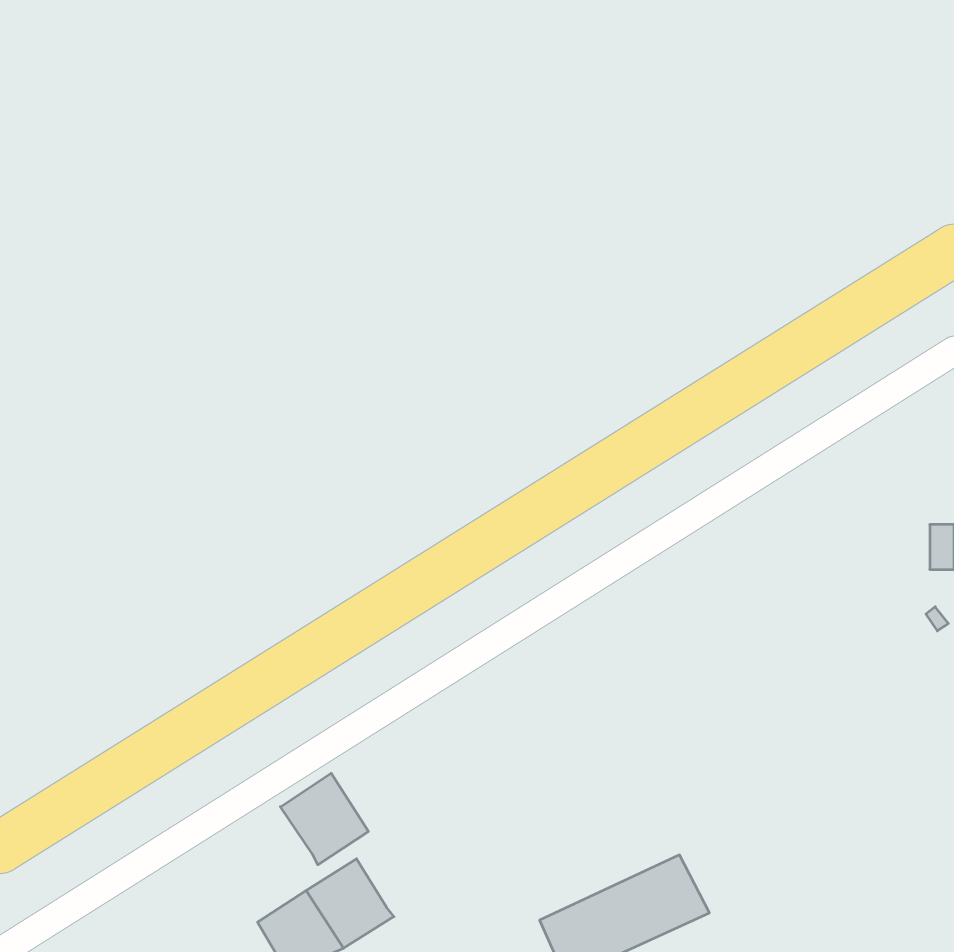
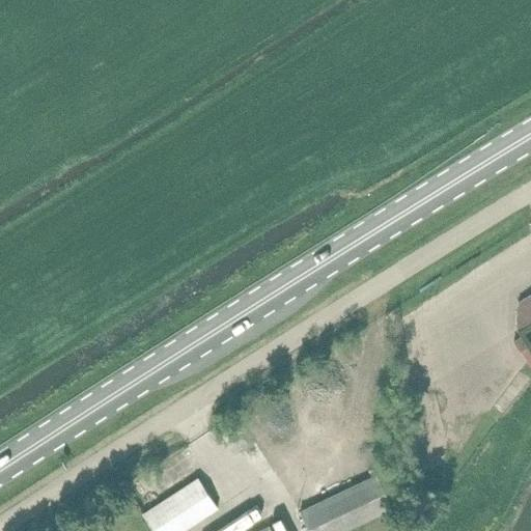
building: [280,773,368,865] -> none

